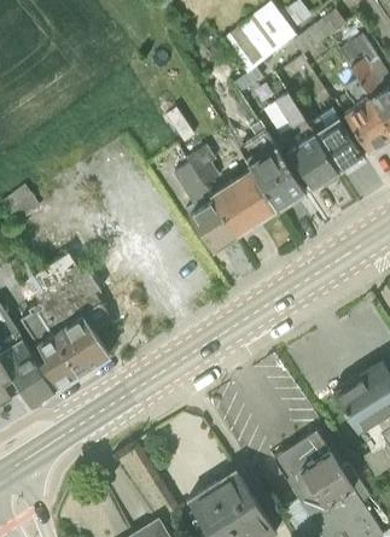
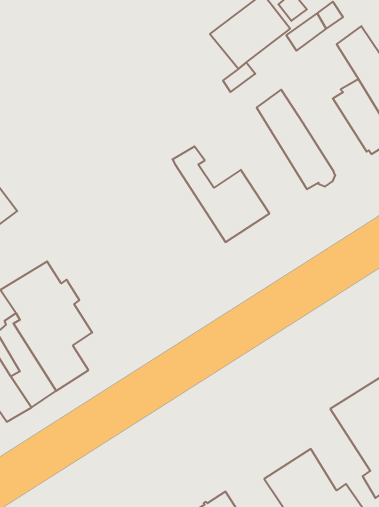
building: [309,110,366,171] -> none
building: [239,123,307,210] -> none
building: [175,164,237,252] -> none

